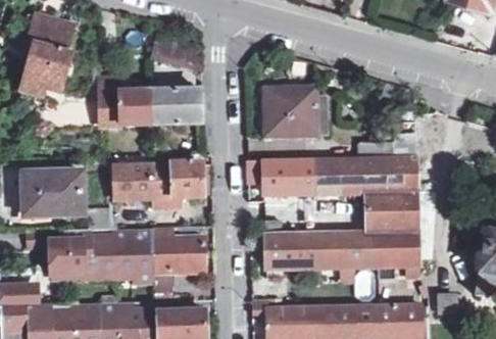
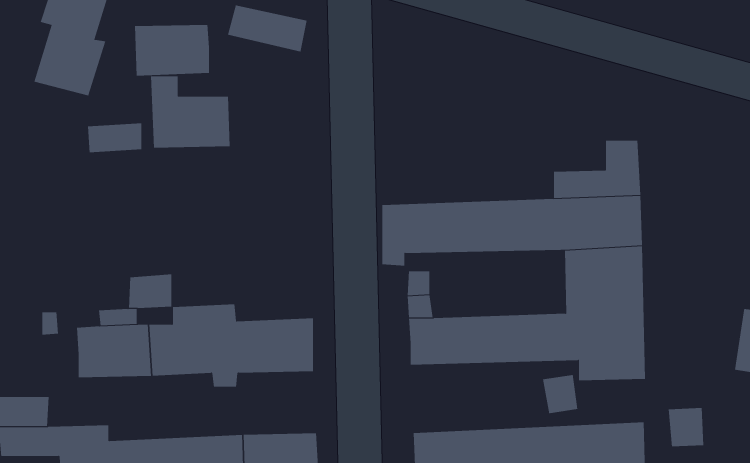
building: [266,85,318,136] -> none
building: [149,91,198,125] -> [134,24,210,76]
building: [113,163,202,199] -> none
building: [22,173,81,214] -> none

